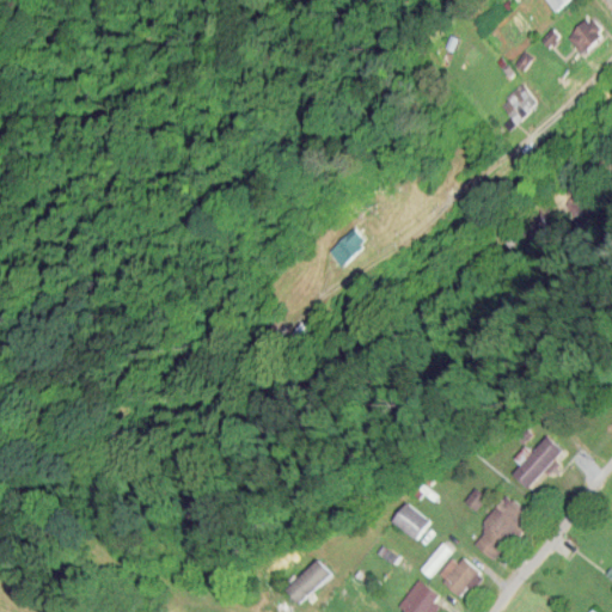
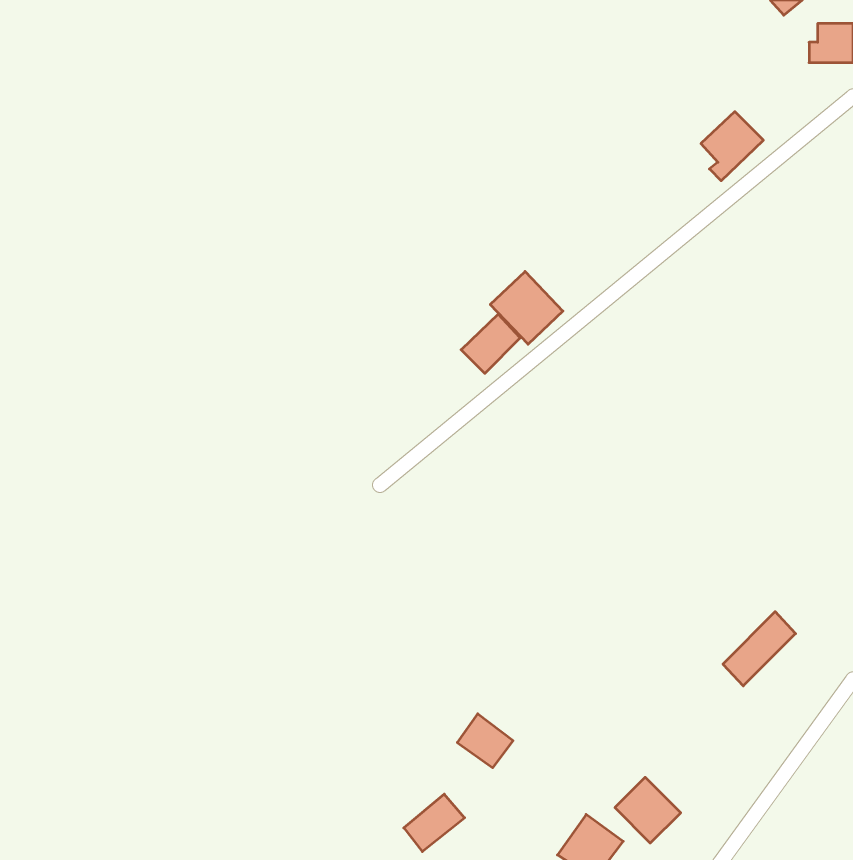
building: none -> [490,271,563,344]
building: [467,496,531,561] -> none
building: [390,502,429,540] -> [457,714,513,768]

